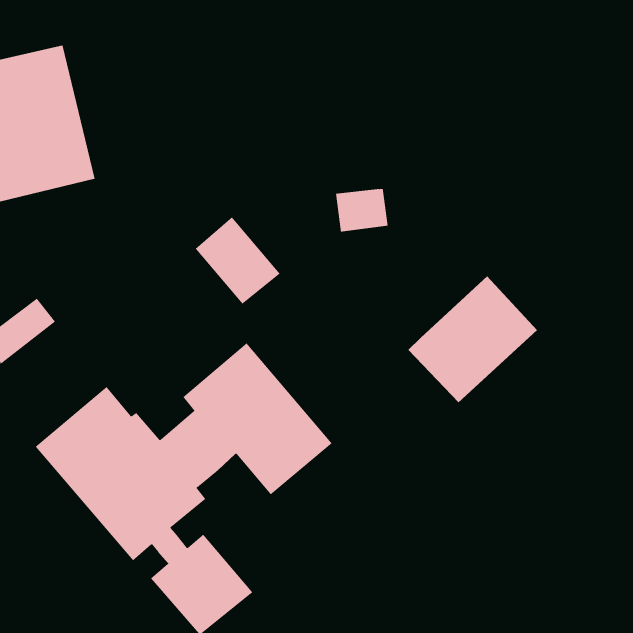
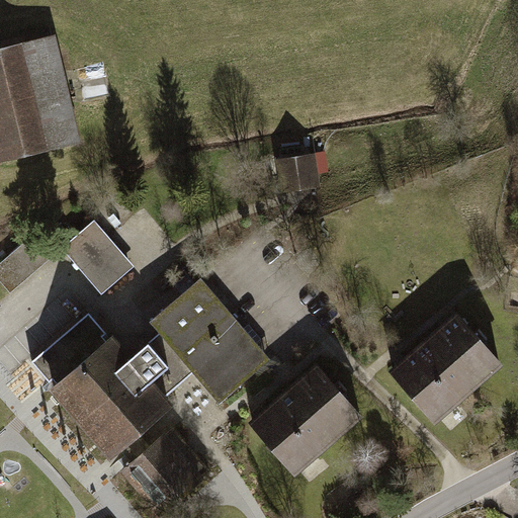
building: [195,217,281,305] -> [62,220,132,291]
building: [408,275,538,403] -> [393,314,499,418]
building: none -> [251,366,359,470]

